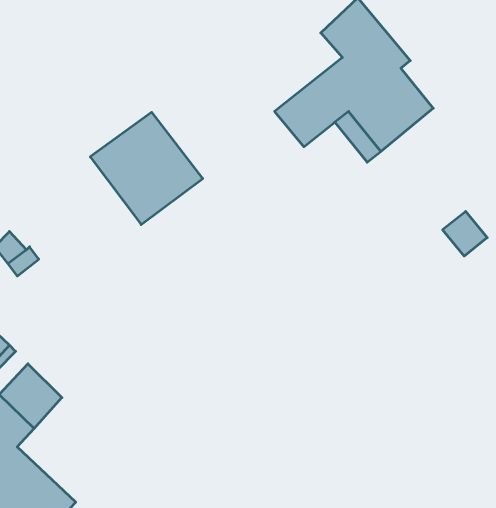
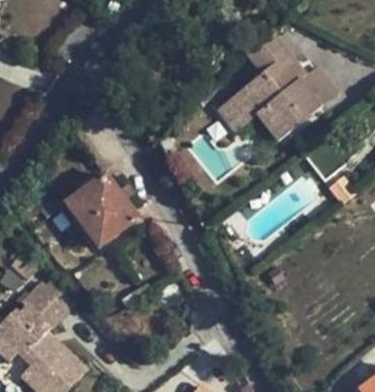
building: none -> [300,63,340,105]
building: [90,112,203,225] -> [64,172,138,247]

